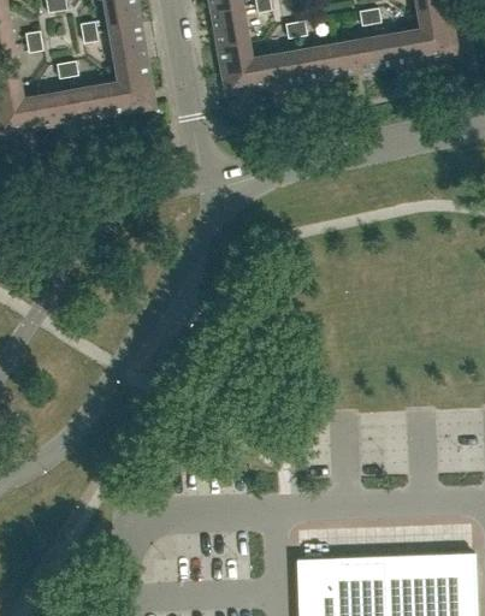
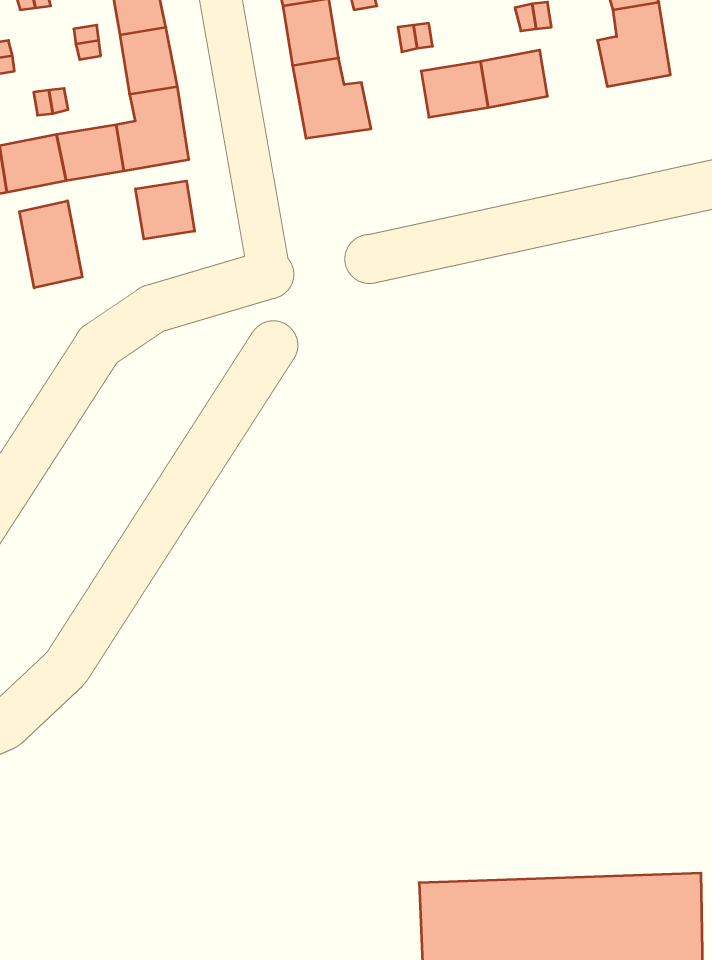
building: [373,30,415,65] -> none
building: [261,49,303,85] -> none
building: none -> [136,181,195,239]
building: none -> [19,201,82,288]

